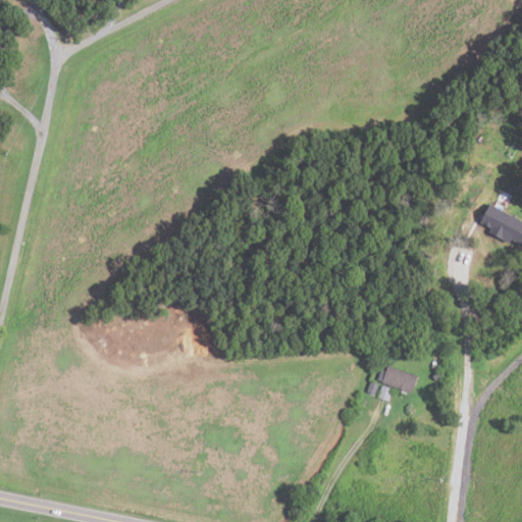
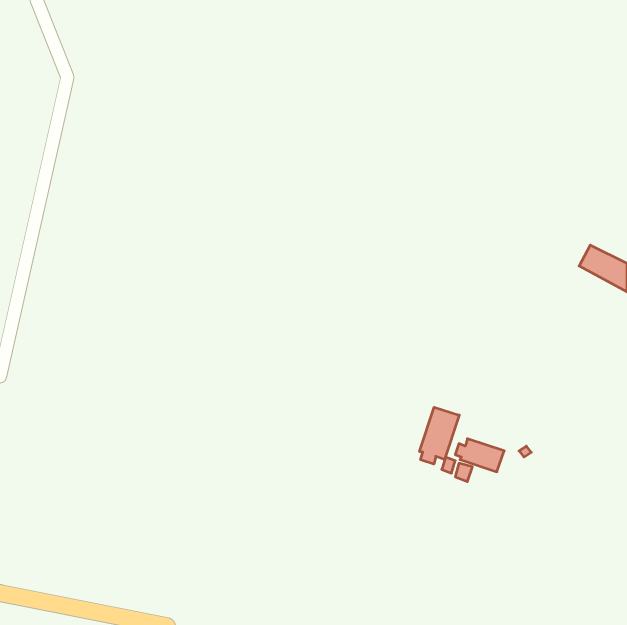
building: none -> [420,407,459,464]

